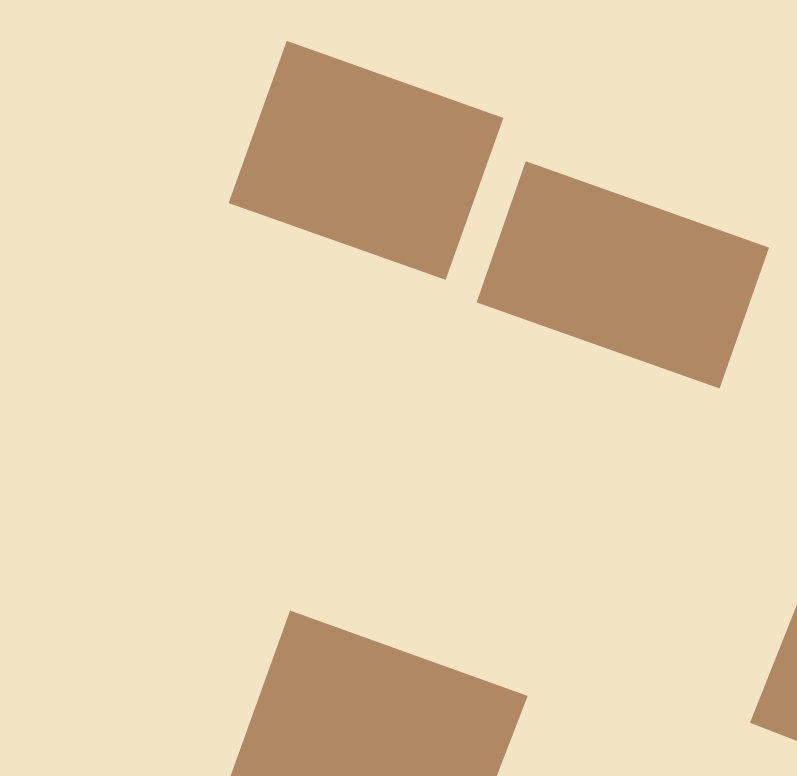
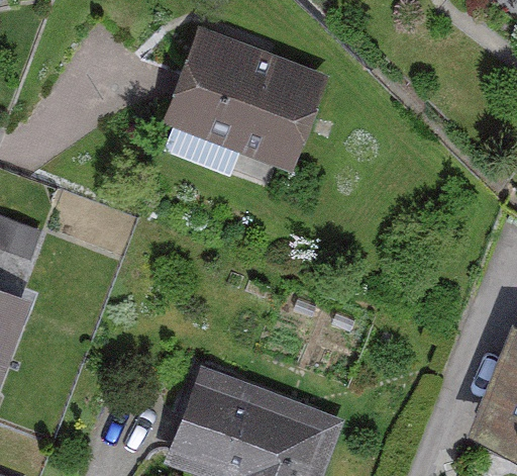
building: [475,160,770,390] -> none

